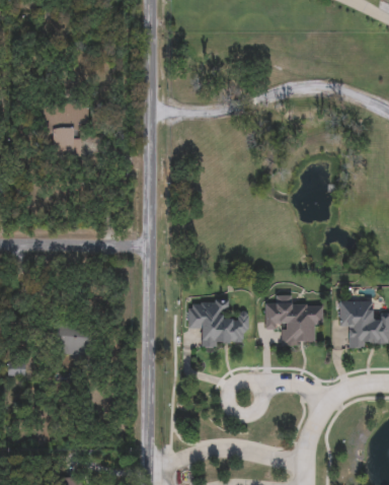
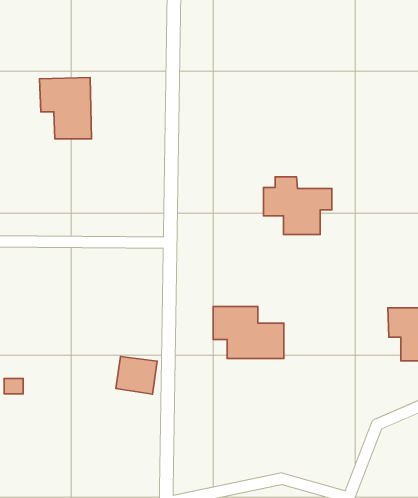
building: [264,295,323,345] -> [263,177,332,235]
building: [53,325,88,357] -> [116,357,157,394]

